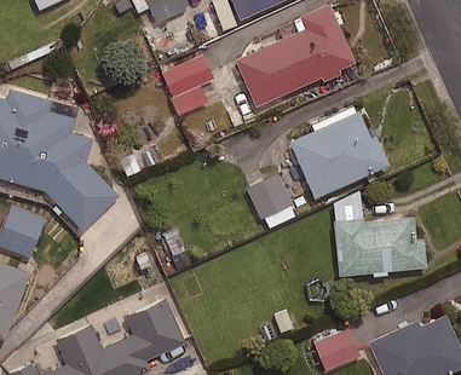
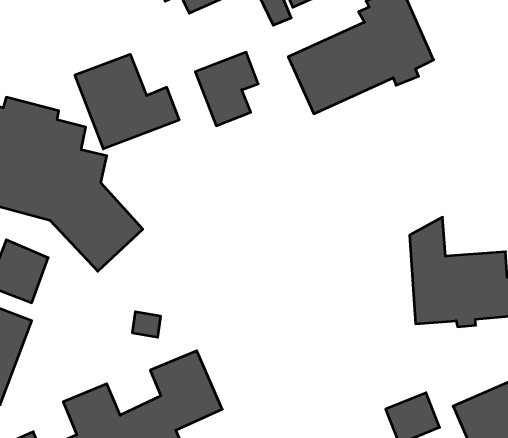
building: none -> [75,54,179,149]
building: [289,110,390,197] -> none
building: [246,173,290,219] -> none

